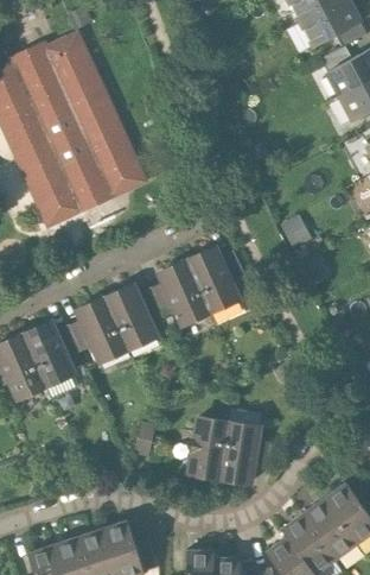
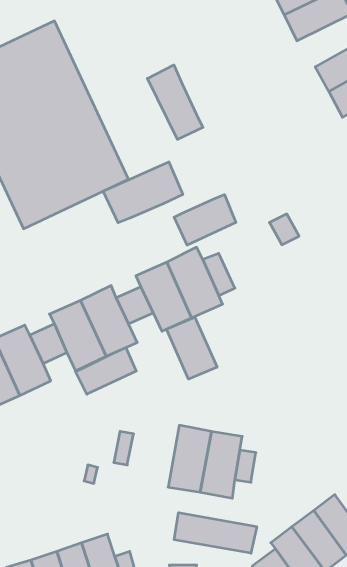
building: none -> [147,65,203,139]
building: none -> [103,162,183,223]
building: none -> [174,195,236,245]
building: none -> [166,317,217,379]
building: none -> [75,348,136,394]
building: none -> [174,513,257,553]

